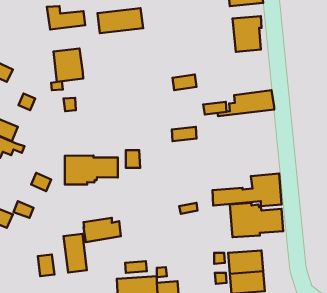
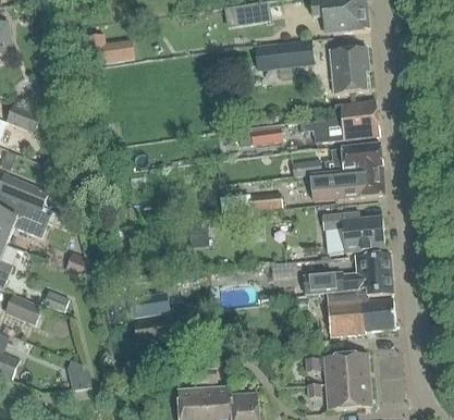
building: [97,8,143,33] -> [253,38,312,71]
building: [53,48,83,82] -> none
building: none -> [299,100,379,143]
building: none -> [309,169,383,197]
building: none -> [320,205,383,251]
building: [65,155,118,184] -> none
building: [64,234,87,272] -> none

